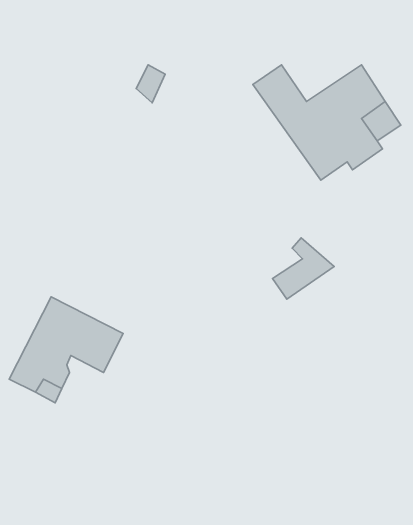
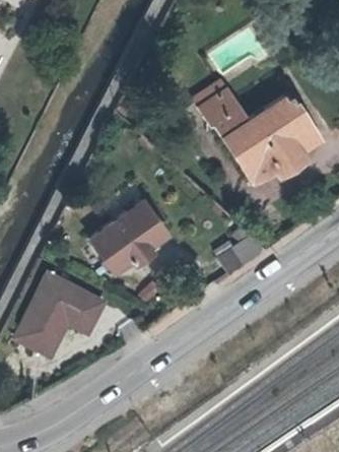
building: none -> [94,200,172,271]

